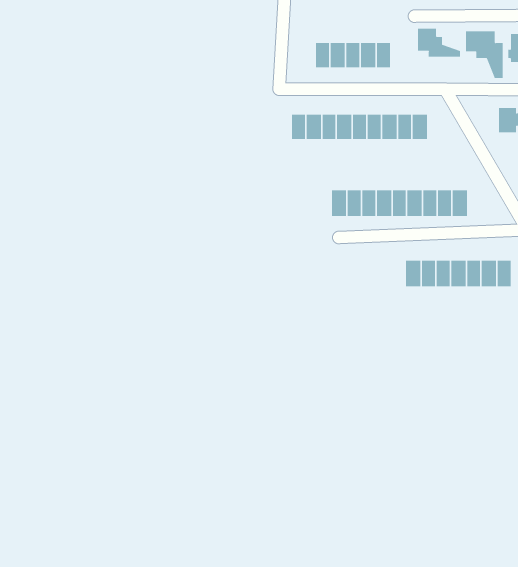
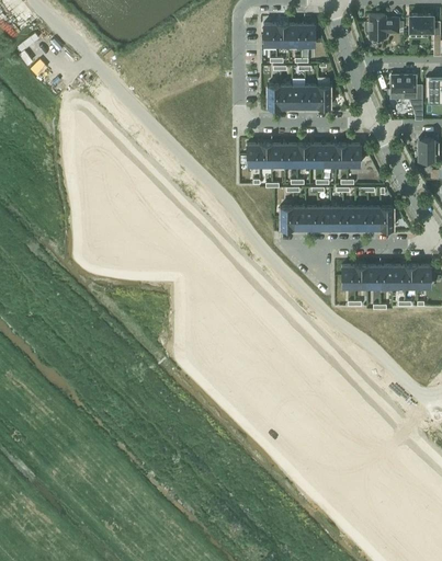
building: [417,28,461,58] -> none

